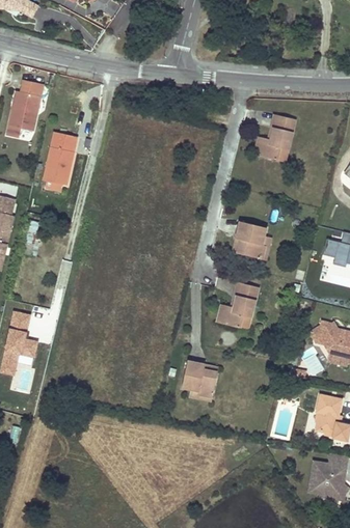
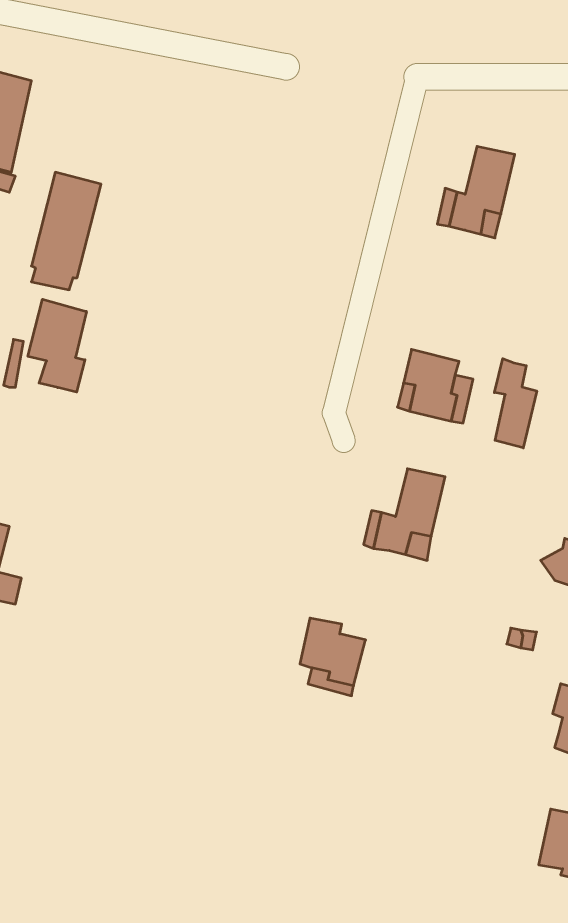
building: none -> [28,299,86,392]
building: none -> [494,359,537,448]

